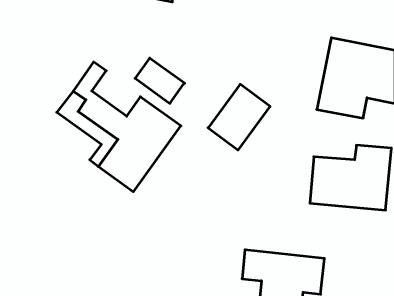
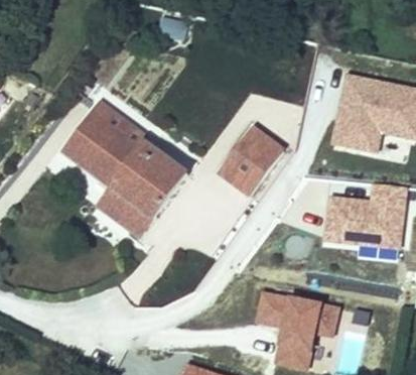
building: [135,58,185,103] -> [98,107,149,154]

